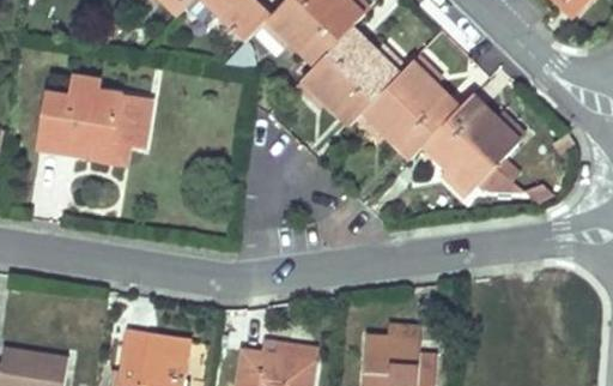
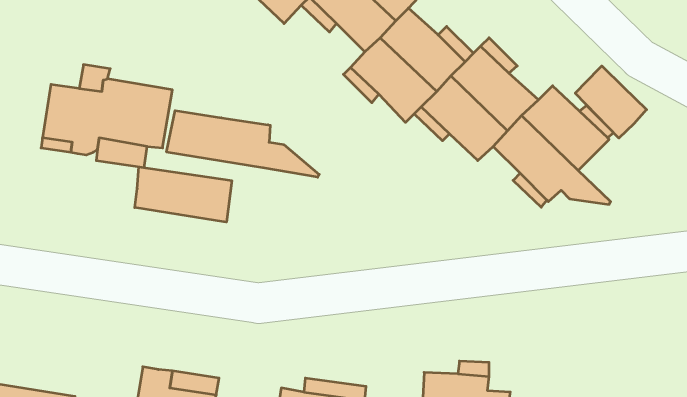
building: none -> [575,66,647,138]
building: none -> [167,111,319,177]
building: none -> [135,167,232,222]

